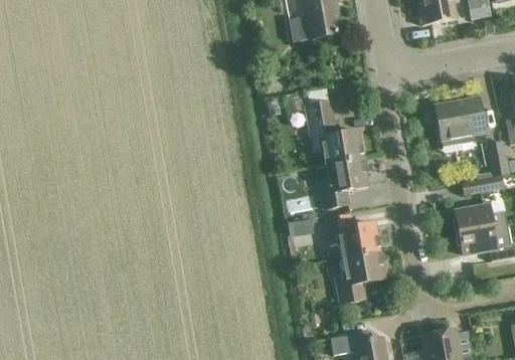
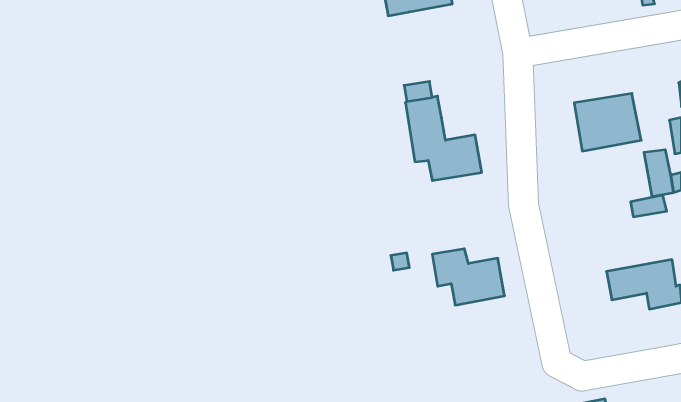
building: [319,158,368,207] -> none
building: [453,204,506,232] -> none
building: [336,250,385,302] -> none

